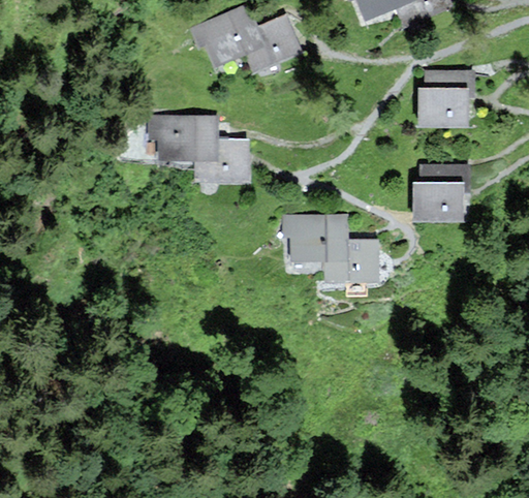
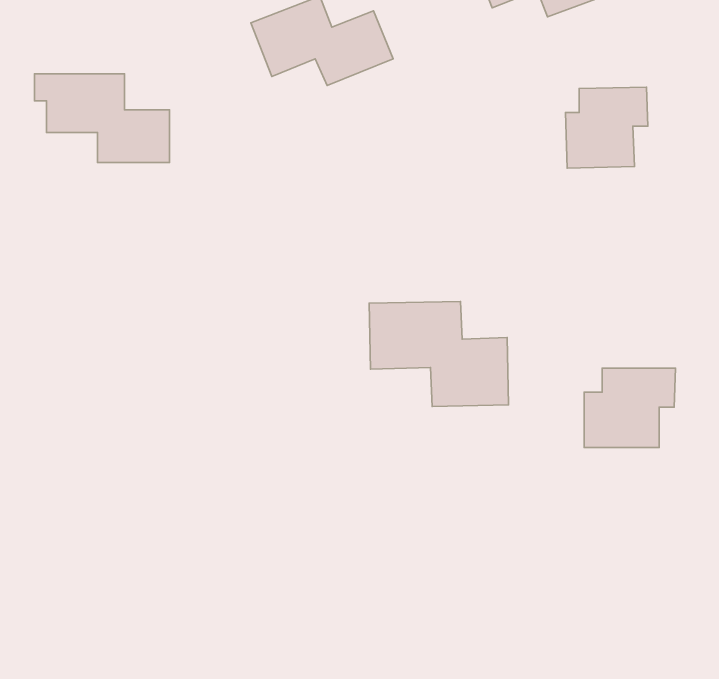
building: [155,116,248,177] -> [35,74,170,162]
building: [411,164,474,219] -> [584,368,676,448]

